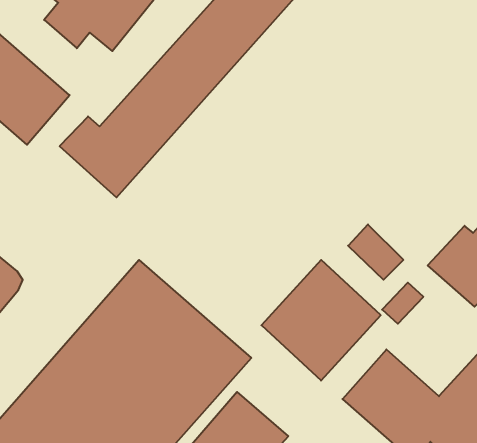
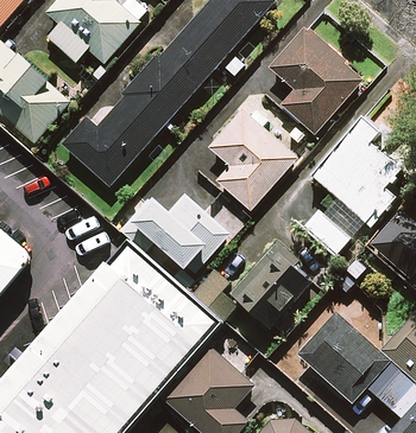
building: none -> [266,27,361,133]
building: none -> [207,109,296,211]
building: none -> [311,119,399,227]
building: none -> [119,192,229,272]

